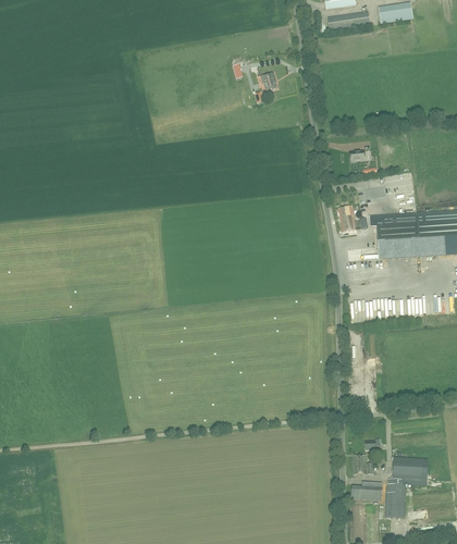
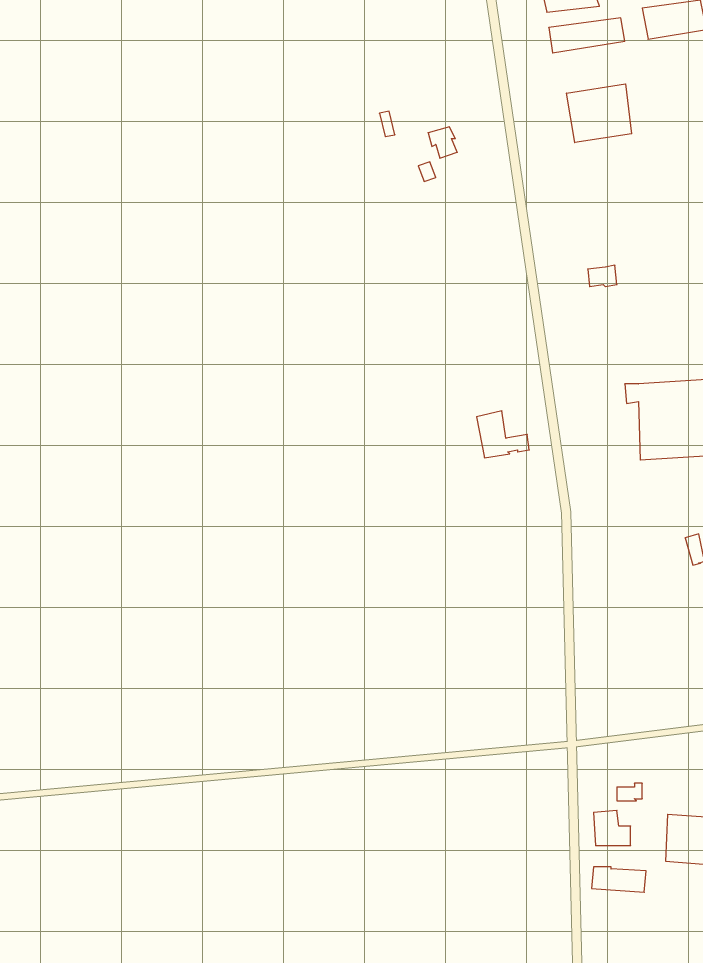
building: none -> [567,84,632,143]
building: [338,205,368,231] -> [477,411,529,458]
building: [385,482,405,518] -> none

